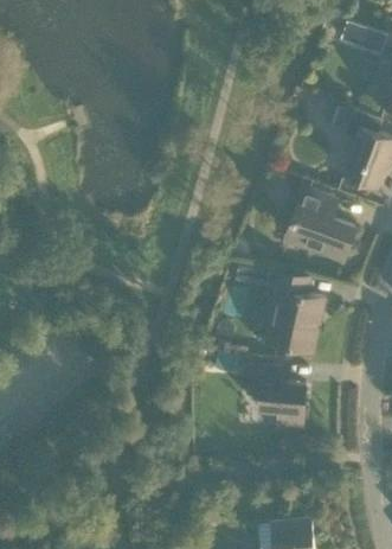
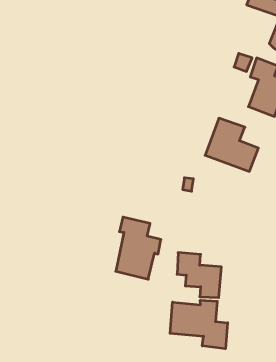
building: [266,272,326,353] -> [116,217,161,279]
building: none -> [170,300,228,349]

